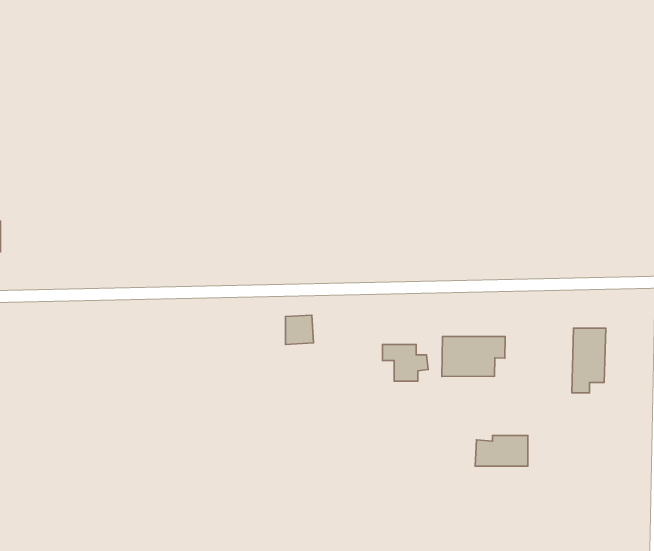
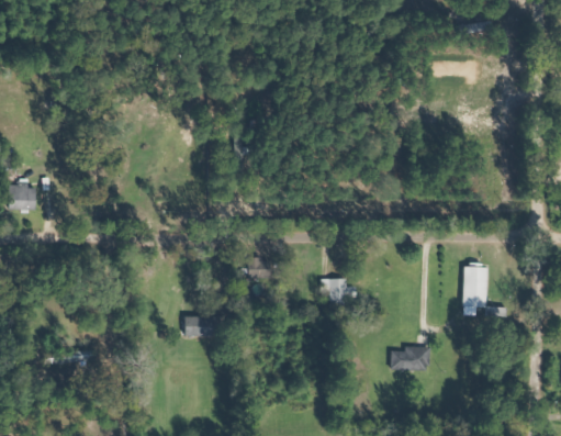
building: [442,336,505,377] -> none
building: none -> [184,315,217,334]

